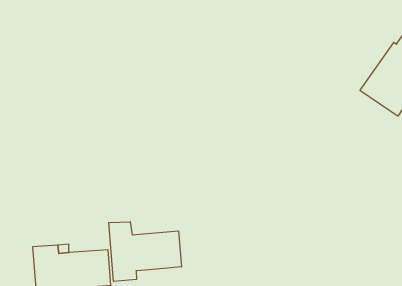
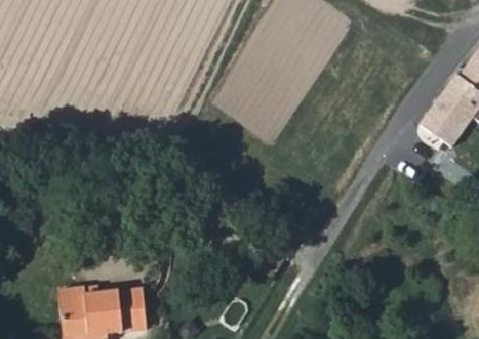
building: [109,222,181,281] -> none

